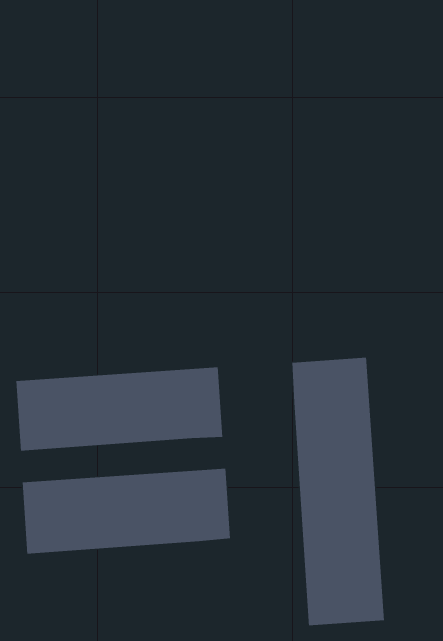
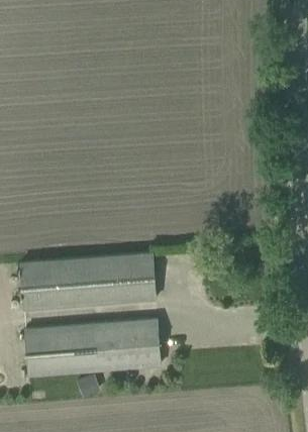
building: [292,357,384,626] -> none

